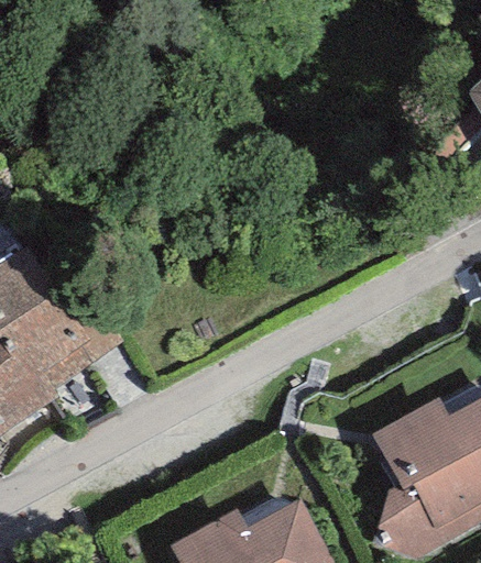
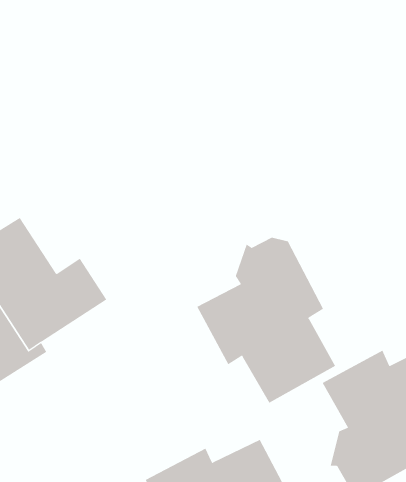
building: none -> [197,237,336,403]

